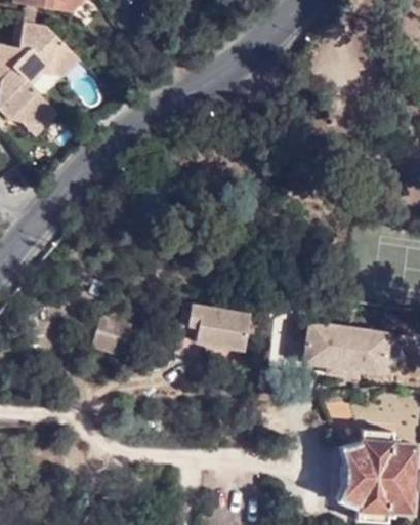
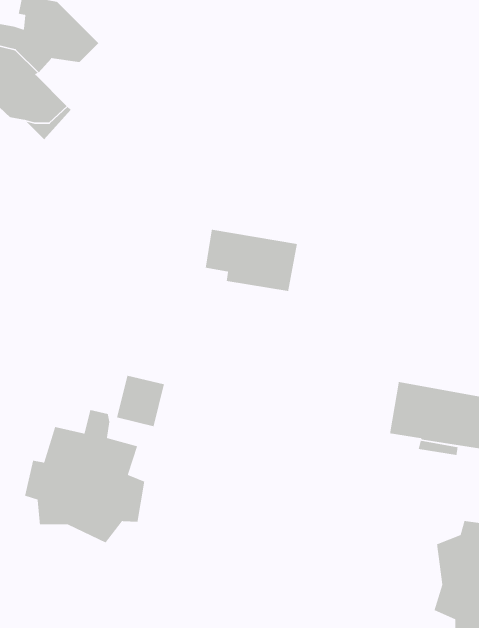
building: [179,300,252,350] -> [205,229,298,292]
building: none -> [24,409,145,544]

